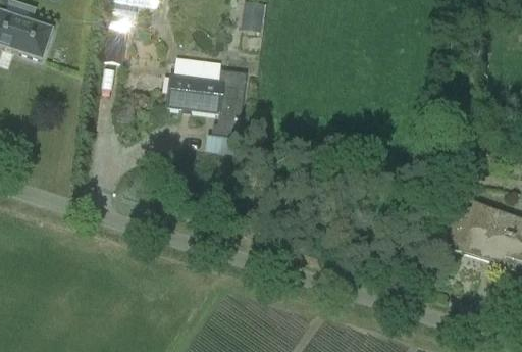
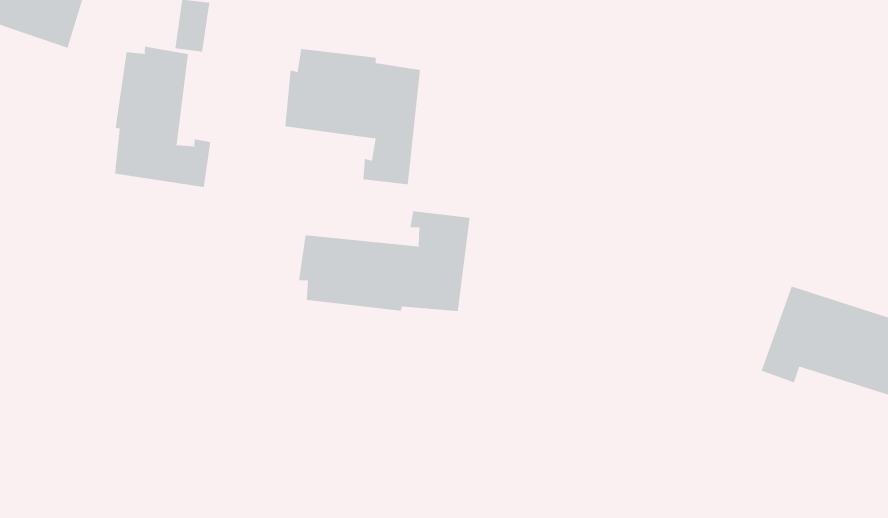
building: none -> [114,46,211,188]
building: none -> [298,210,470,312]

